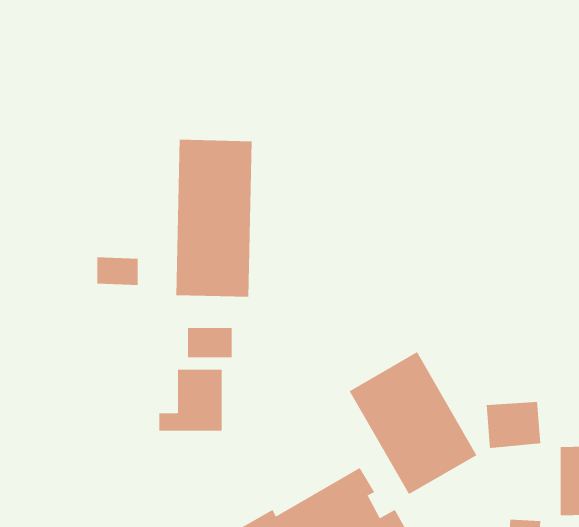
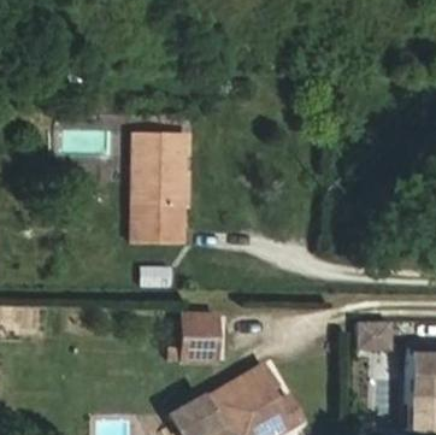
building: [349,351,477,495] -> none
building: [159,369,222,431] -> [170,315,216,359]

